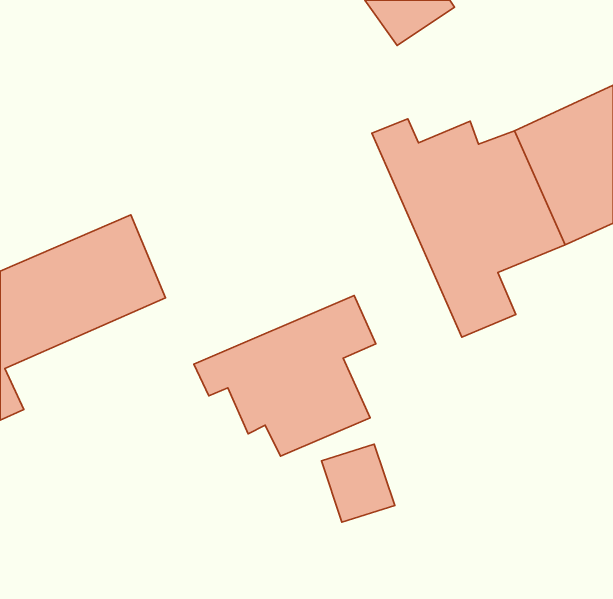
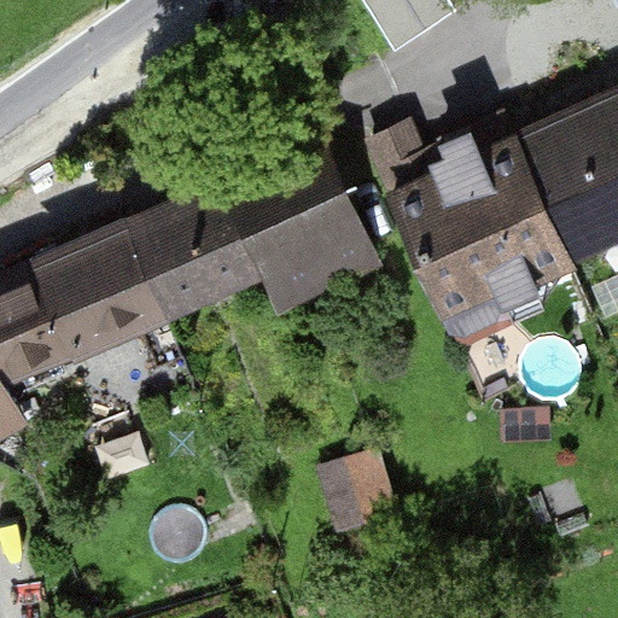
building: none -> [132,148,377,314]
building: [194,295,376,456] -> none

